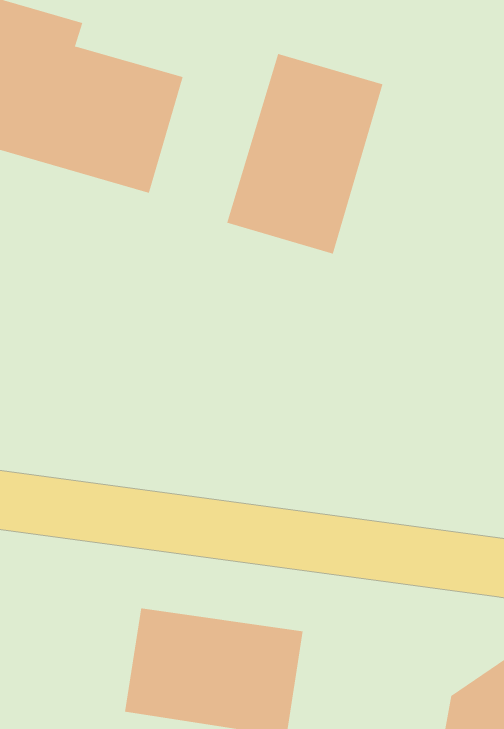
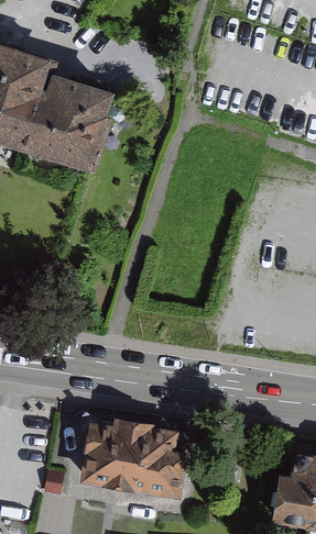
building: [226,53,383,255] -> none

